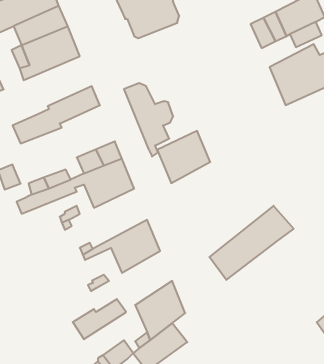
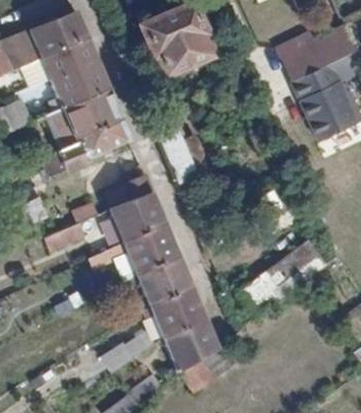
building: none -> [53,88,122,147]
building: [157,131,210,183] -> [124,222,178,275]
building: none -> [153,285,203,340]

